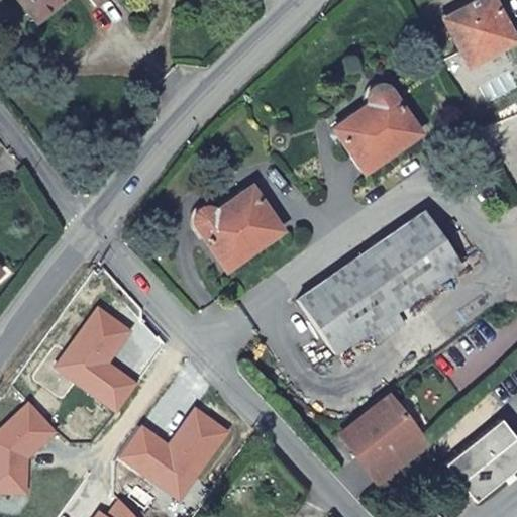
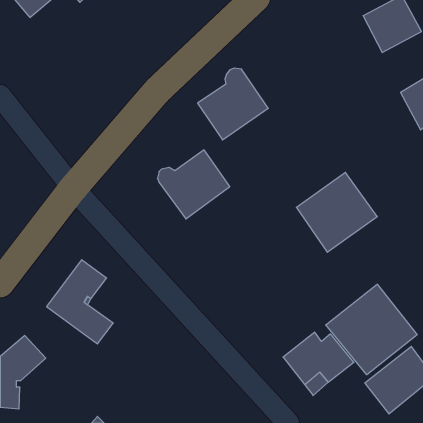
building: [334,83,420,170] -> [198,68,268,140]
building: [299,251,400,349] -> none
building: none -> [326,284,417,375]
building: [120,417,228,505] -> none

